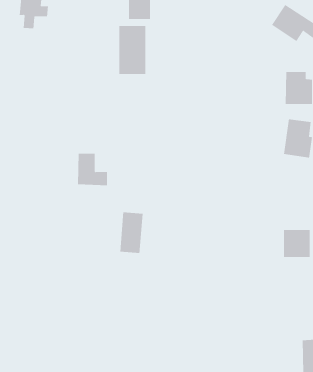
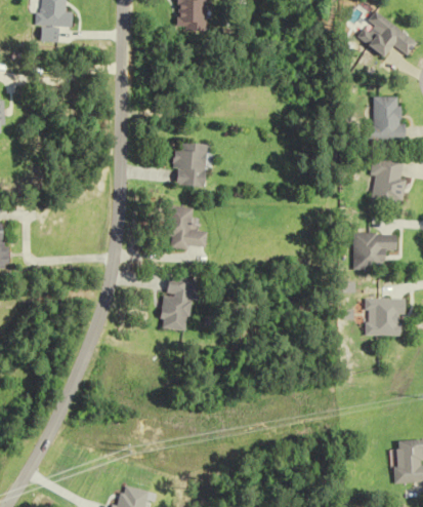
building: [119,25,146,75] -> none
building: none -> [172,143,208,188]
building: [77,153,108,186] -> [169,207,208,249]
building: none -> [354,234,400,265]

